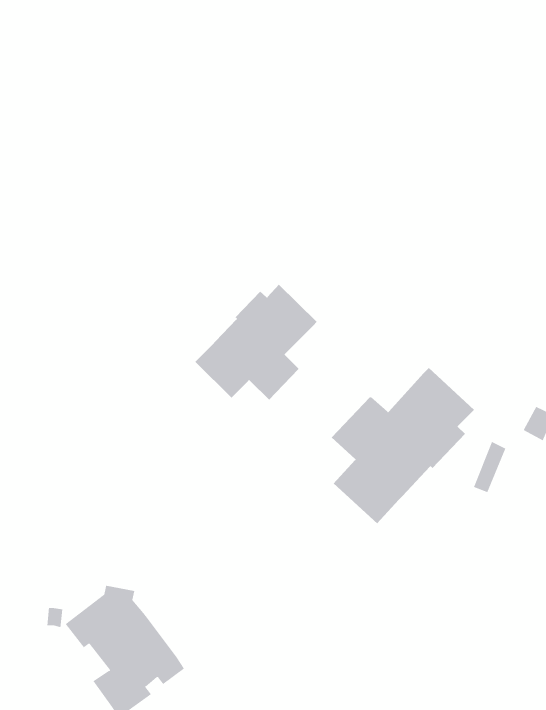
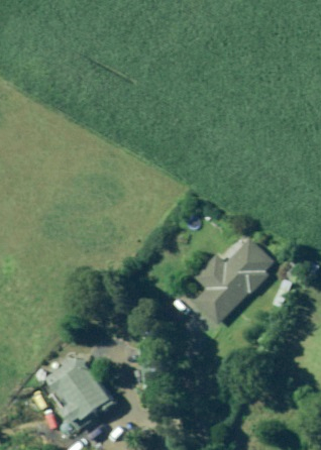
building: [194,284,318,401] -> none

